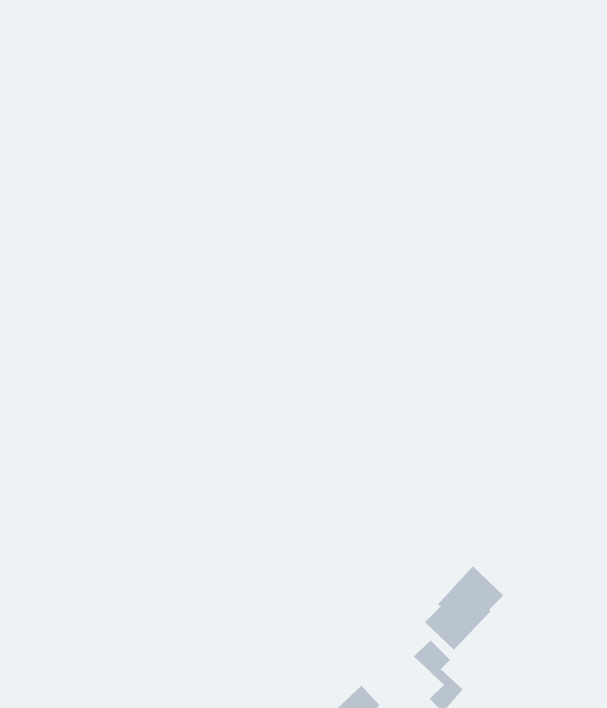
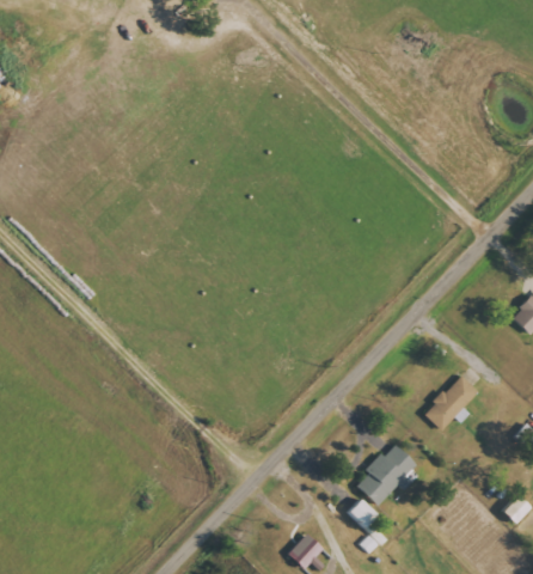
building: none -> [423,374,478,429]

